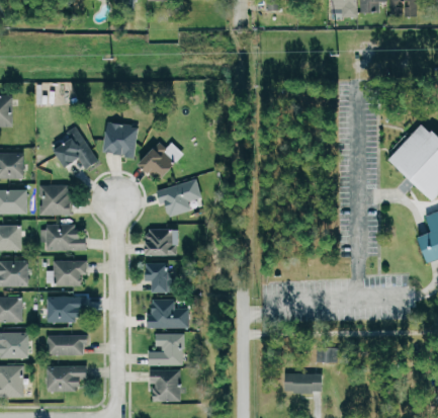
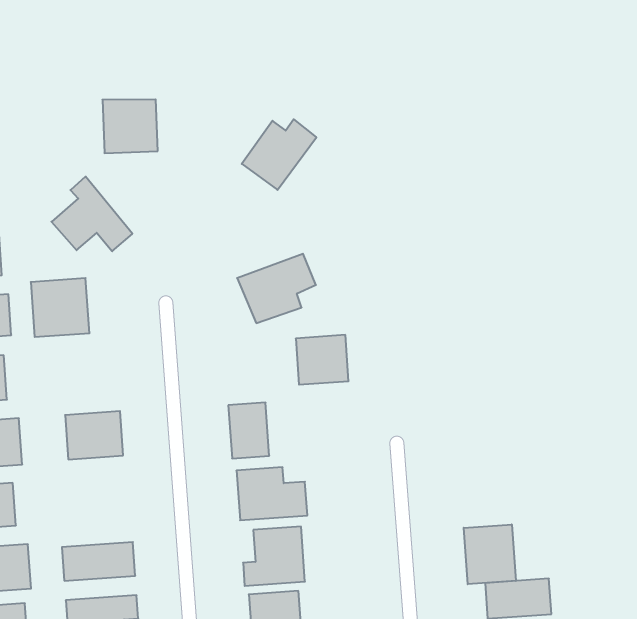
building: [105,123,137,155] -> [102,99,158,153]
building: [140,142,183,181] -> [242,119,316,190]
building: [46,225,86,250] -> none
building: [146,230,174,256] -> [296,335,349,385]
building: [47,297,86,323] -> none
building: none -> [464,524,516,584]

